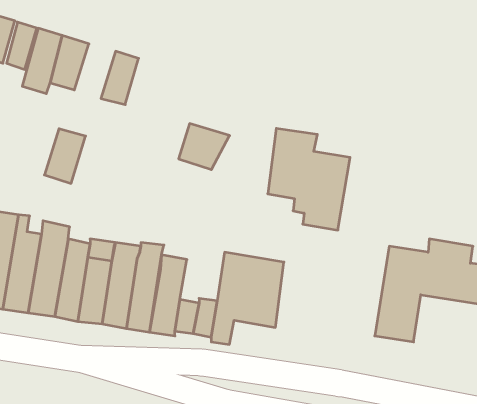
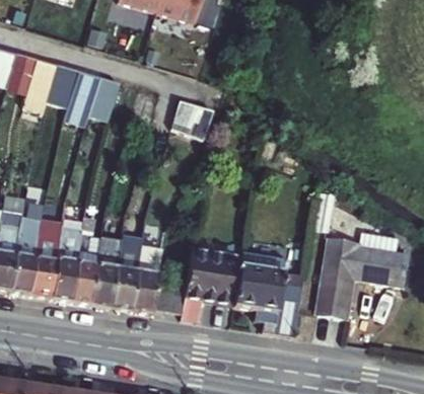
building: [179,124,230,170] -> [173,101,216,140]
building: [268,128,350,230] -> [236,253,305,338]
building: [44,129,86,183] -> [68,71,102,116]

